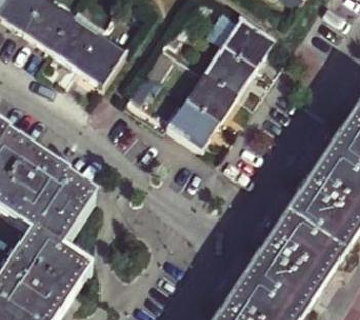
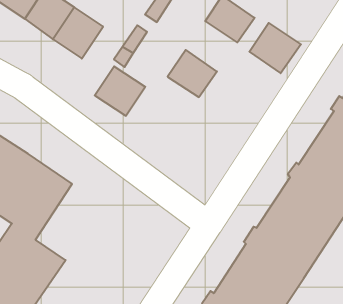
building: [203,45,252,93] -> [249,23,301,73]
building: [167,98,215,146] -> [95,66,145,116]

